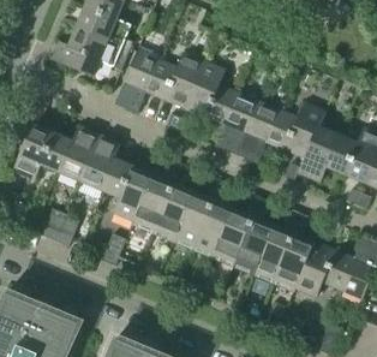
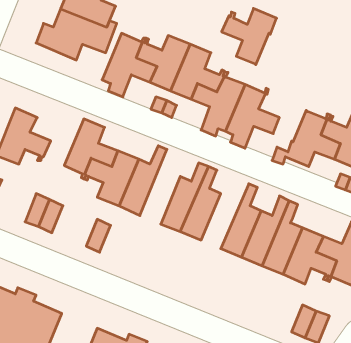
building: [270,102,324,157] -> [222,8,277,65]
building: [46,126,98,180] -> none
building: [154,165,193,238] -> none
building: [214,195,261,262] -> none

